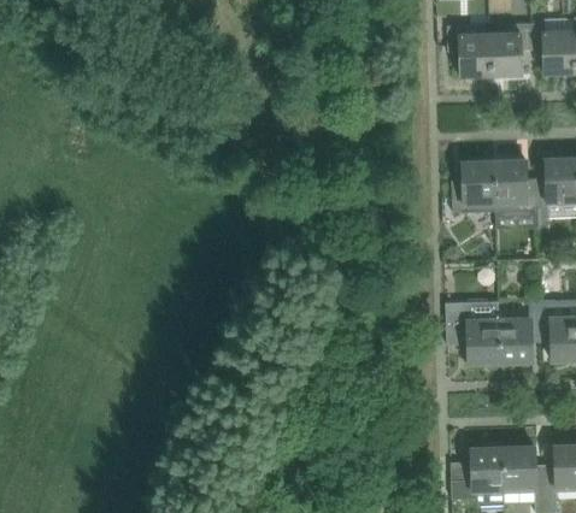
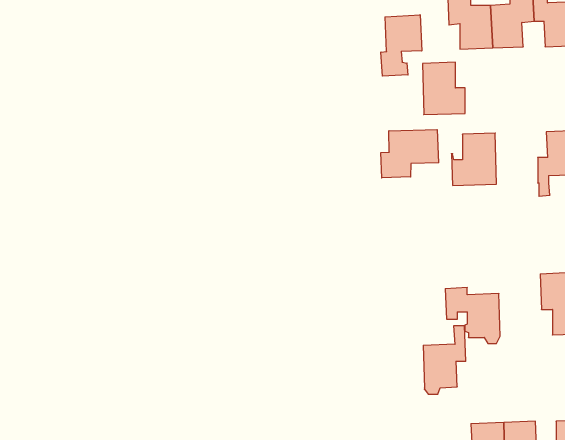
building: none -> [381,15,422,76]
building: none -> [381,130,439,178]
building: [495,159,537,211] -> [423,62,465,115]
building: [499,300,541,367] -> [423,326,466,394]

